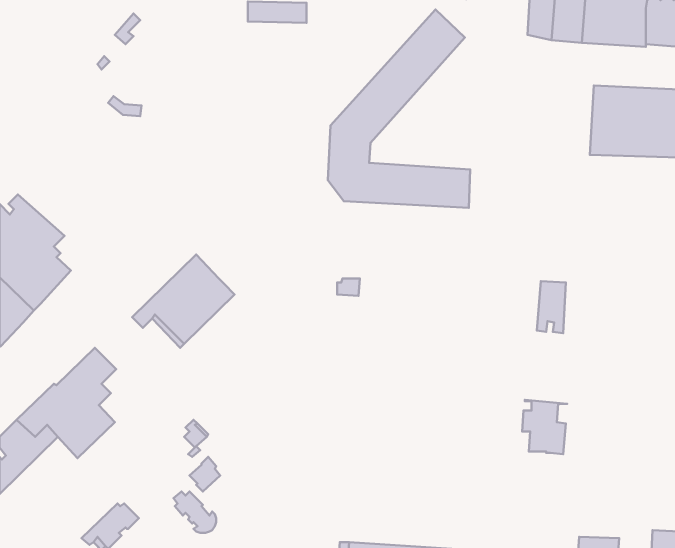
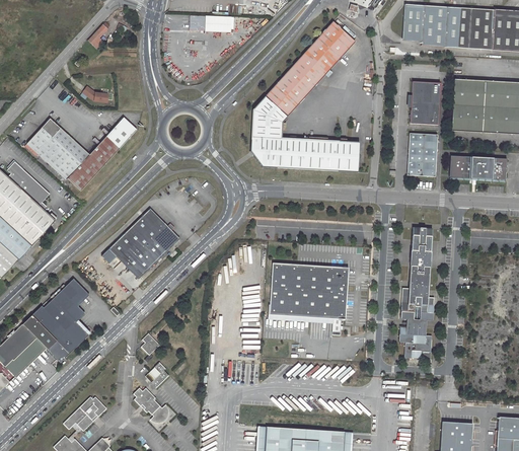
building: none -> [407,81,438,125]
building: none -> [27,118,136,190]
building: none -> [406,133,437,176]
building: none -> [448,154,506,179]
building: none -> [268,265,351,336]
building: none -> [400,265,434,320]

